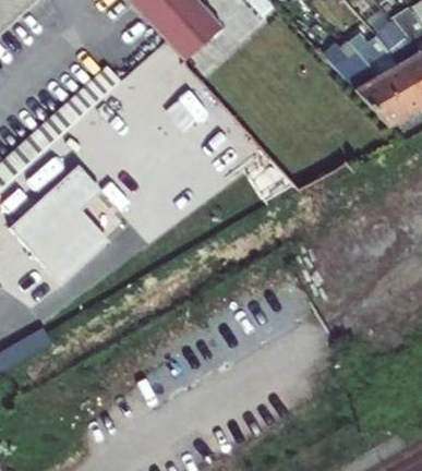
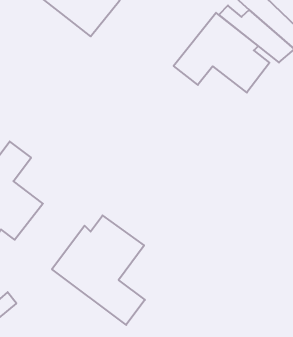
building: none -> [174,13,269,93]
building: none -> [52,215,145,325]

